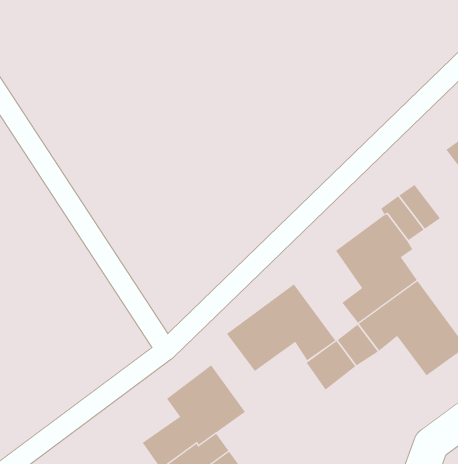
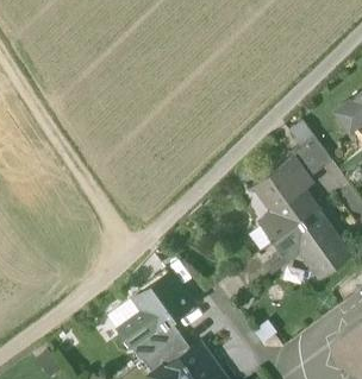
building: [226,284,336,372] -> none

